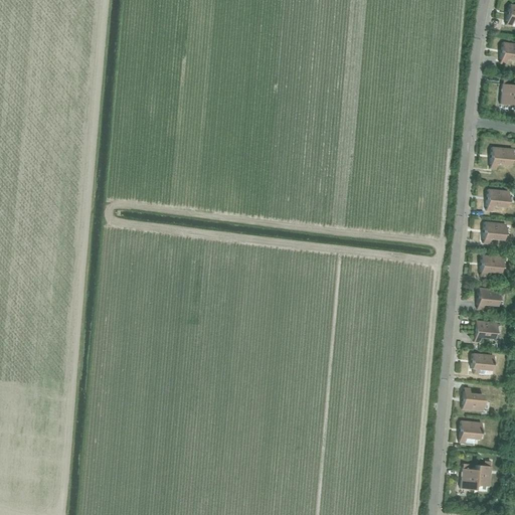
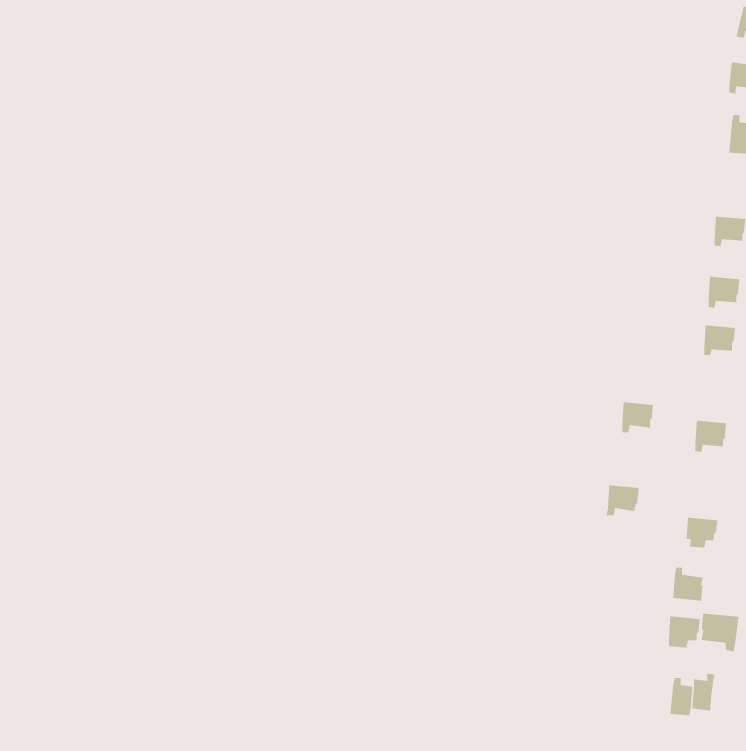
building: [482,255,504,277] -> [622,402,654,433]
building: [475,321,498,342] -> [606,485,639,516]
building: none -> [701,613,739,652]

